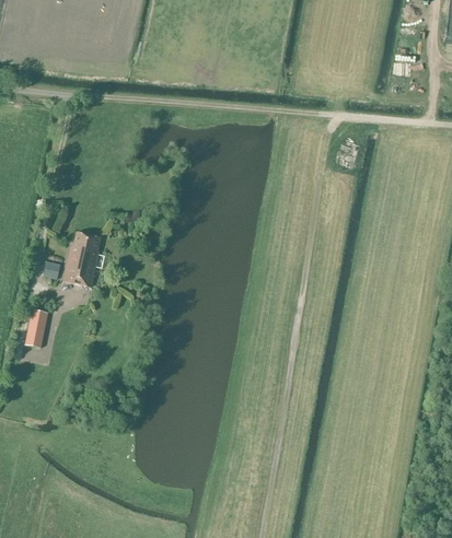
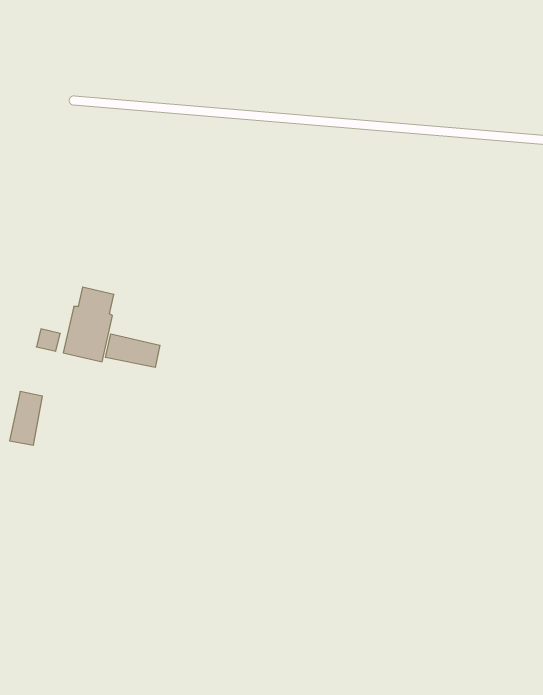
building: none -> [105,334,160,367]

